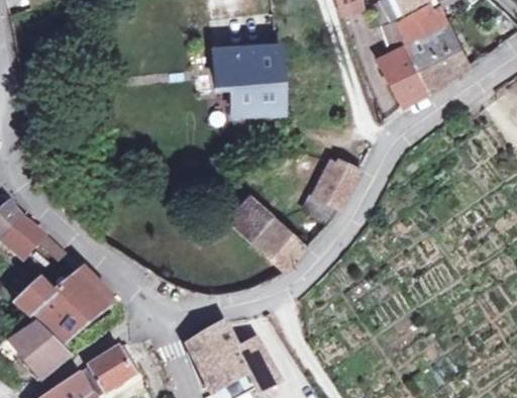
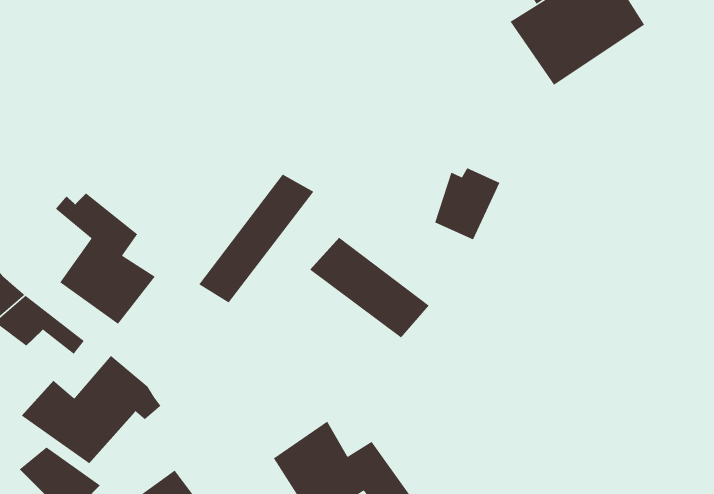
building: [211,43,283,112] -> none
building: none -> [198,173,315,303]
building: none -> [55,193,156,325]

